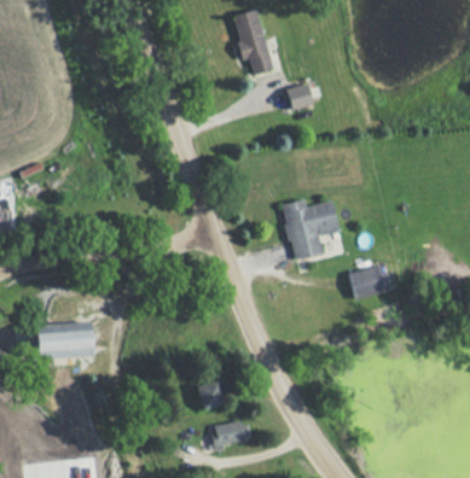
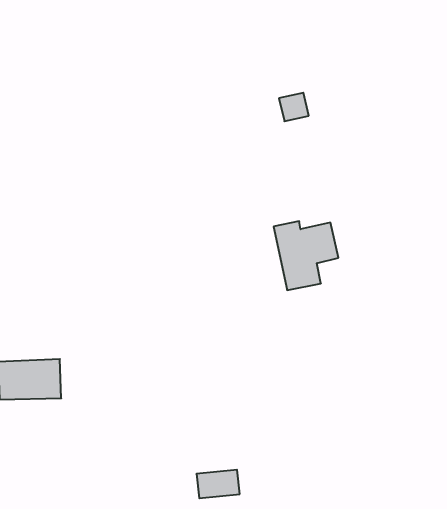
building: [232,10,274,75] -> none
building: [348,266,388,301] -> none
building: [197,380,225,410] -> none

